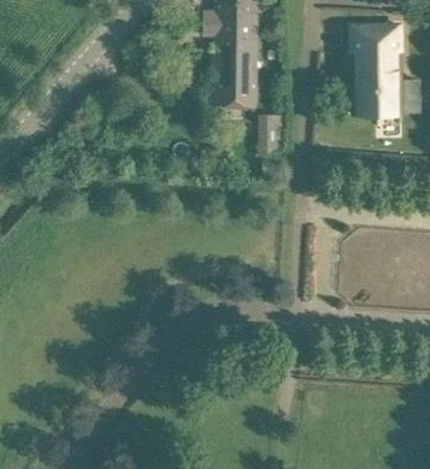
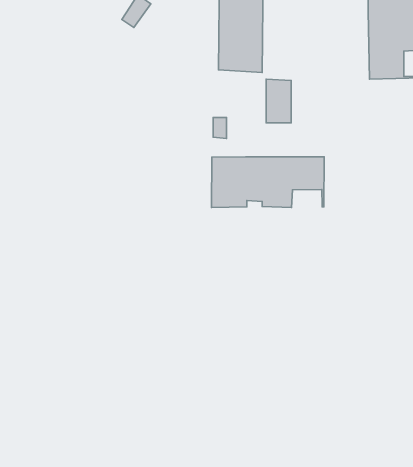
building: none -> [212,157,324,207]

